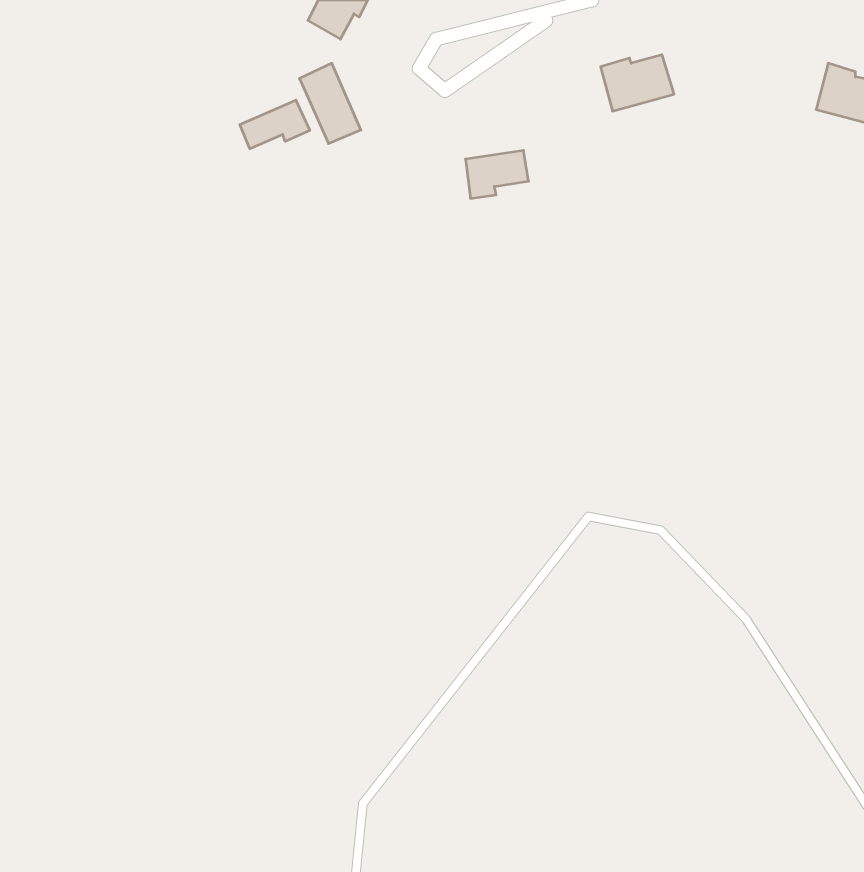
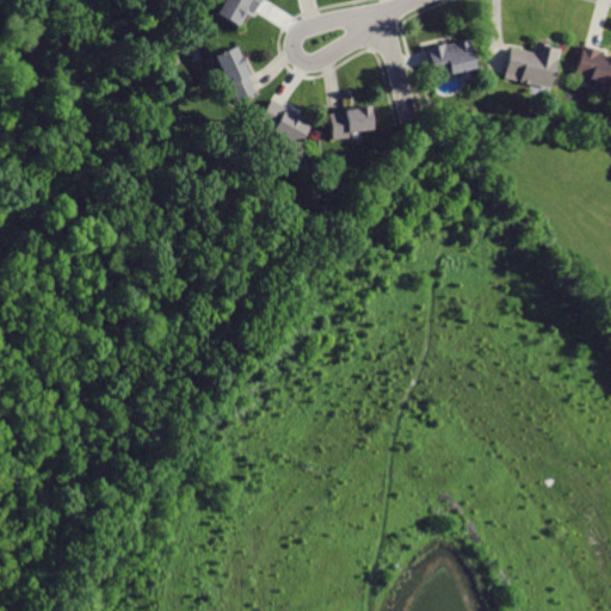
building: none -> [508,44,561,86]
building: [240,100,310,149] -> none
building: none -> [261,99,311,144]

